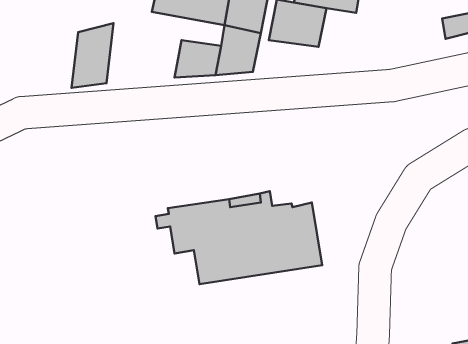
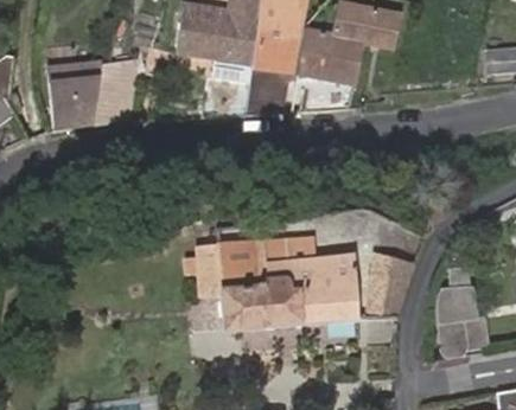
building: none -> [51,65,106,132]
building: none -> [368,249,416,314]
building: none -> [434,264,488,357]

